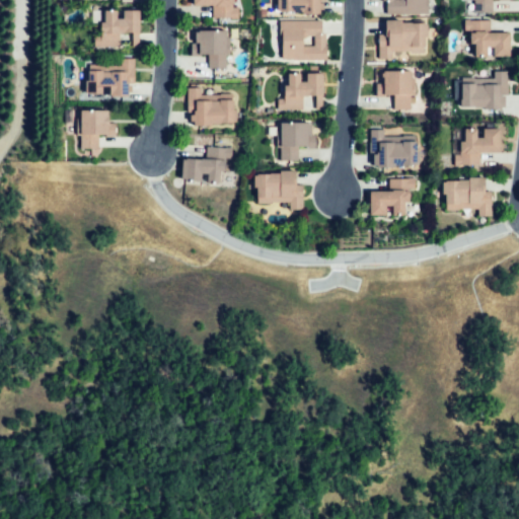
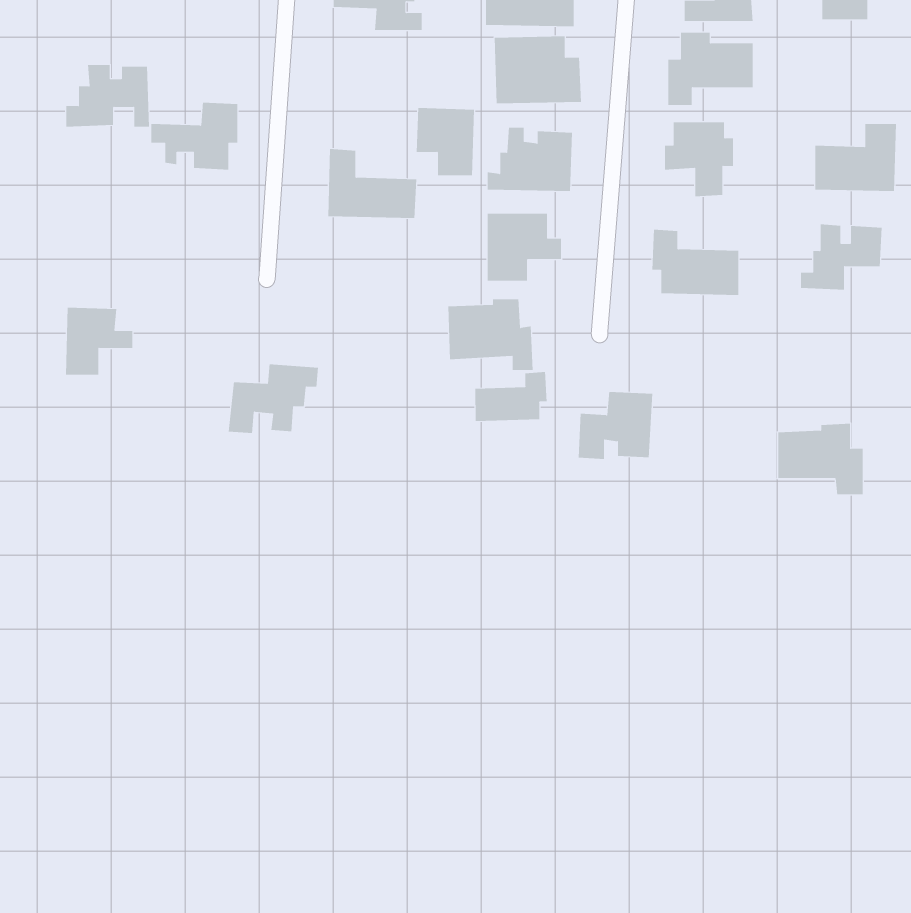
building: [93,10,141,46] -> [66,64,150,127]
building: [463,19,512,58] -> none
building: [197,29,230,68] -> [416,108,475,176]
building: [80,109,119,148] -> [65,307,133,375]
building: [182,146,234,186] -> [228,364,319,434]
building: [445,176,494,217] -> [777,423,863,495]
building: [372,178,415,217] -> [578,392,653,460]
building: none -> [475,371,547,422]

